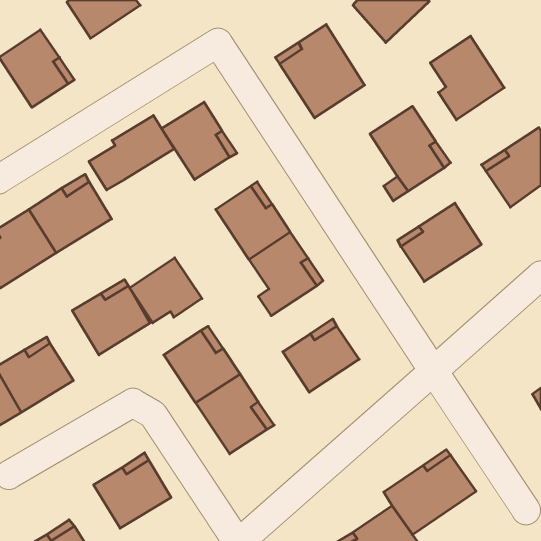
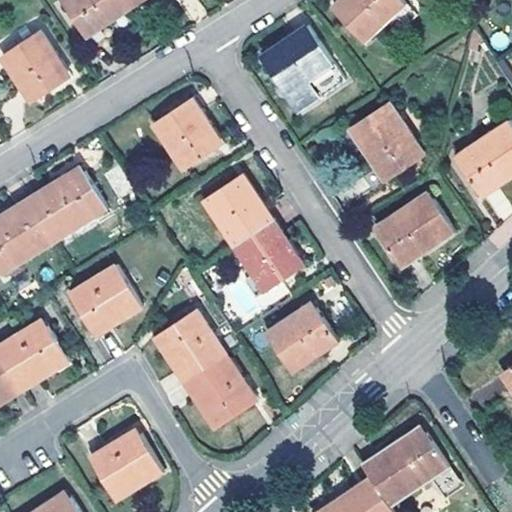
building: [430,36,504,120] -> none
building: [89,115,174,190] -> none
building: [130,258,202,323] -> none

